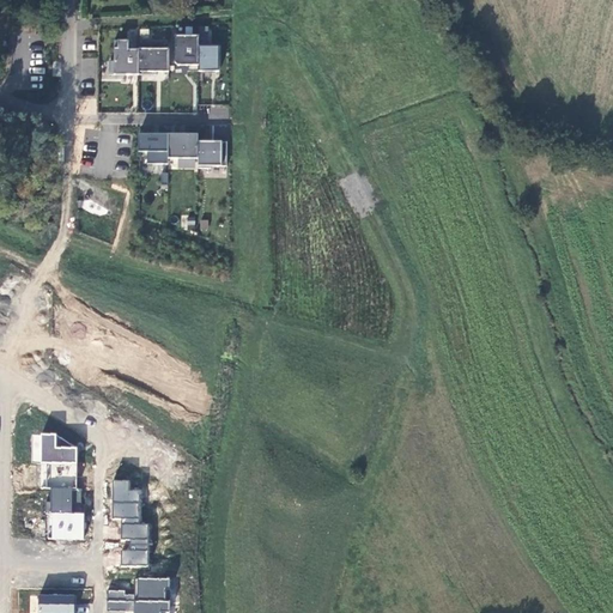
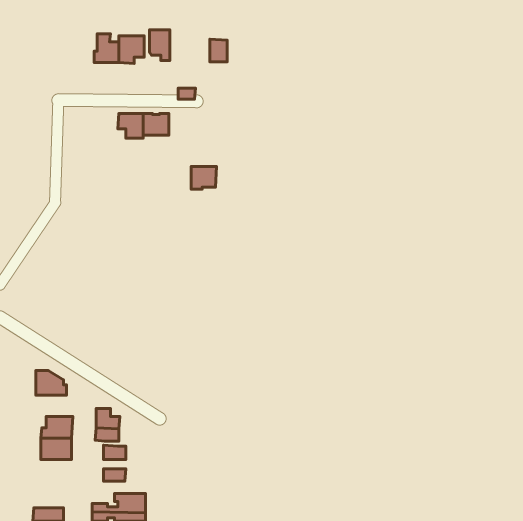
building: [199,44,219,71] -> [210,39,227,62]
building: [198,141,227,168] -> [191,167,217,189]
building: [41,462,78,487] -> none

